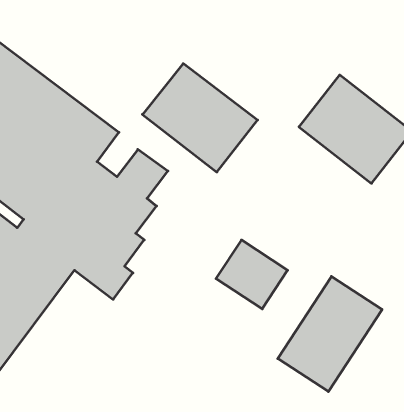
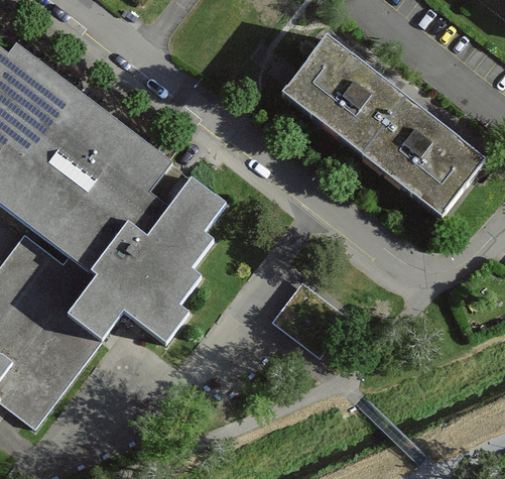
building: [142,64,258,172] -> [283,38,406,154]
building: [278,276,382,392] -> none

